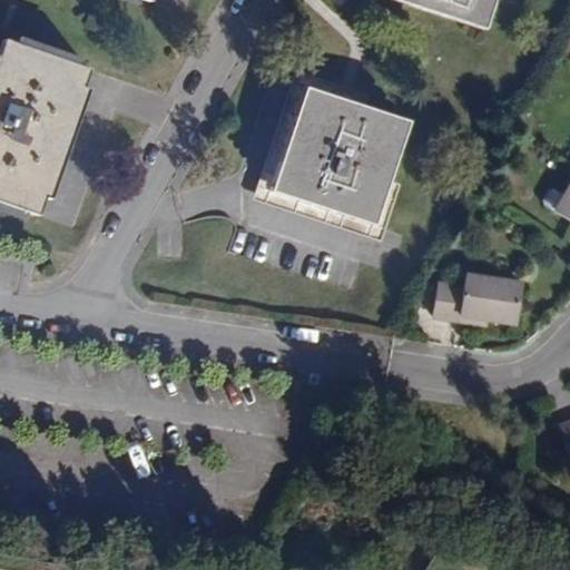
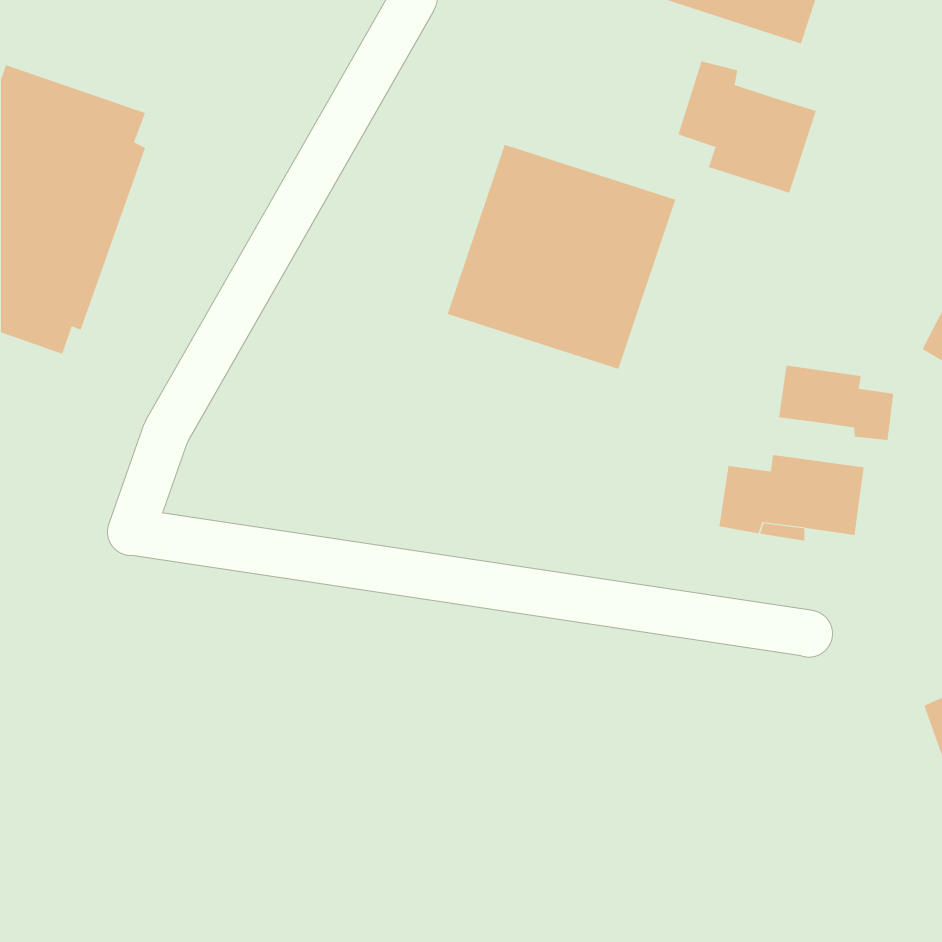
building: none -> [678,60,816,194]
building: none -> [779,365,894,441]

